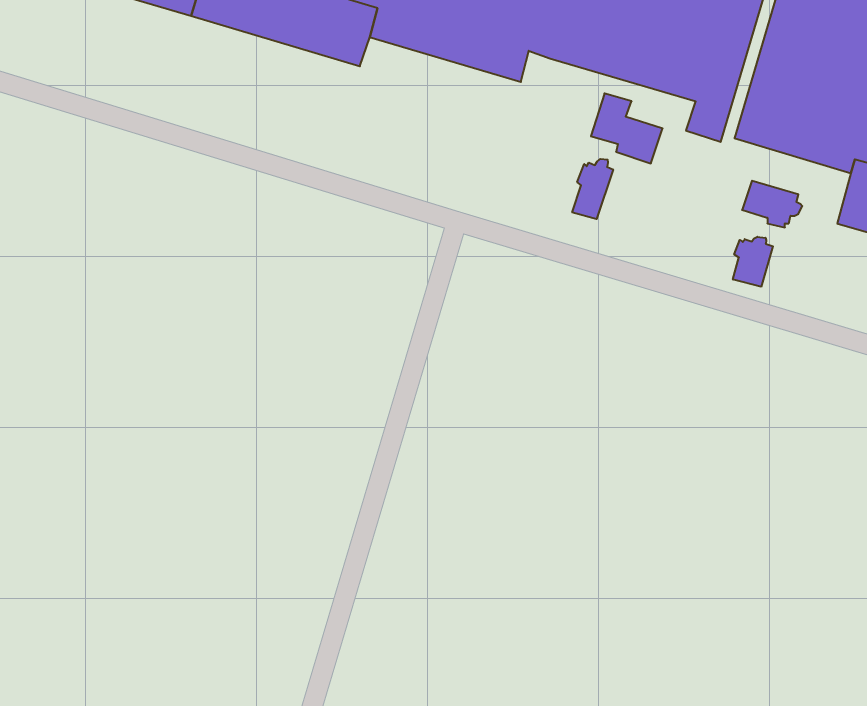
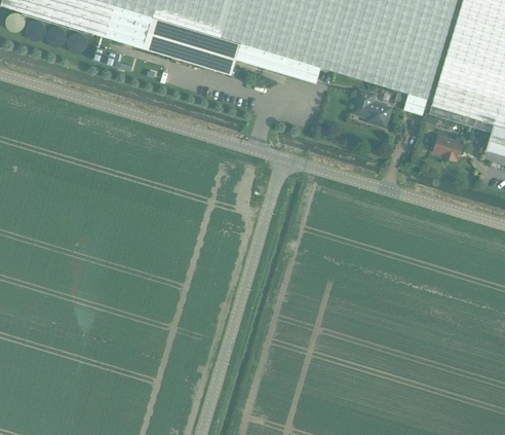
building: [572,159,613,219] -> none
building: [733,237,773,287] -> none

